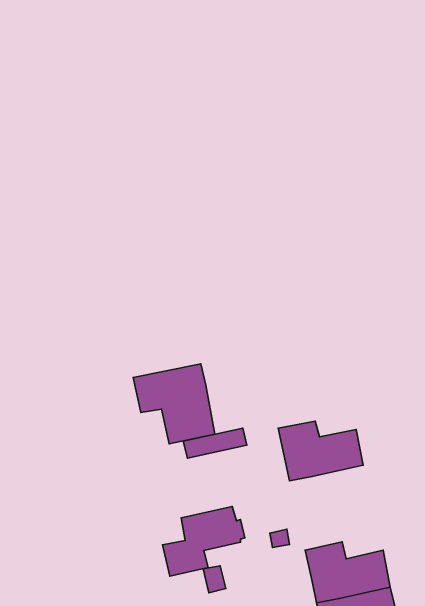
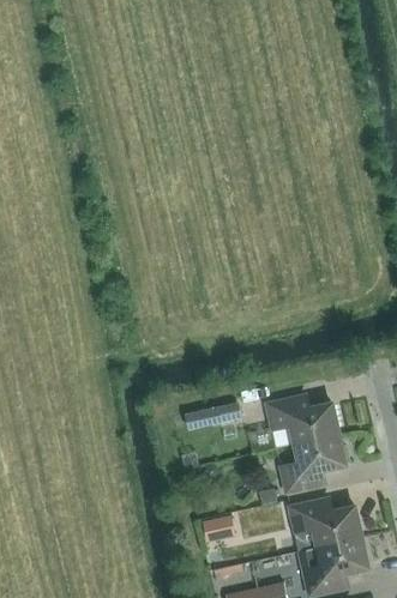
building: [133,364,215,444] -> none
building: [163,507,245,576] -> [279,434,349,493]

